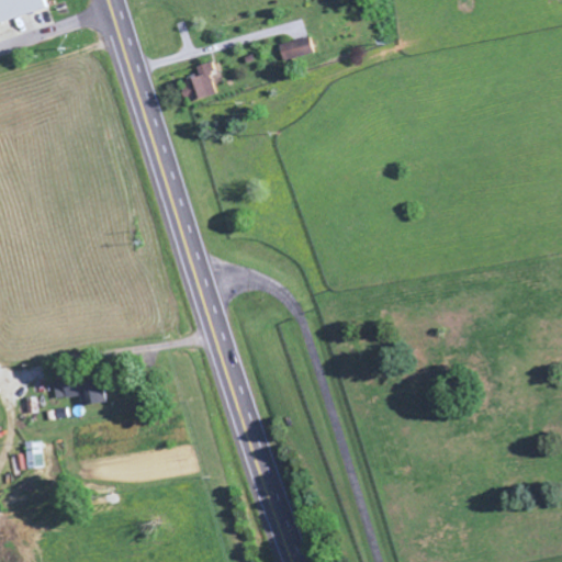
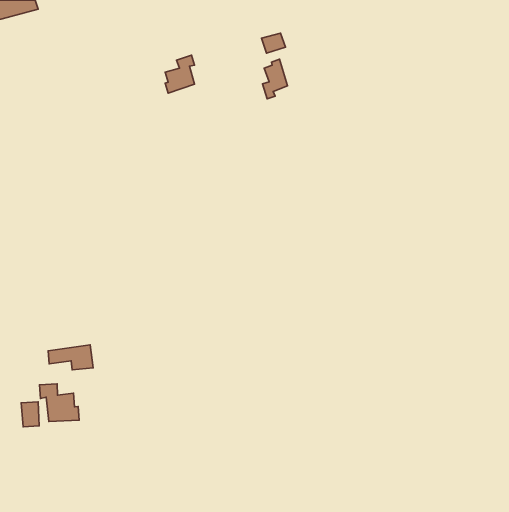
building: none -> [262,59,288,99]
building: none -> [40,384,79,421]

